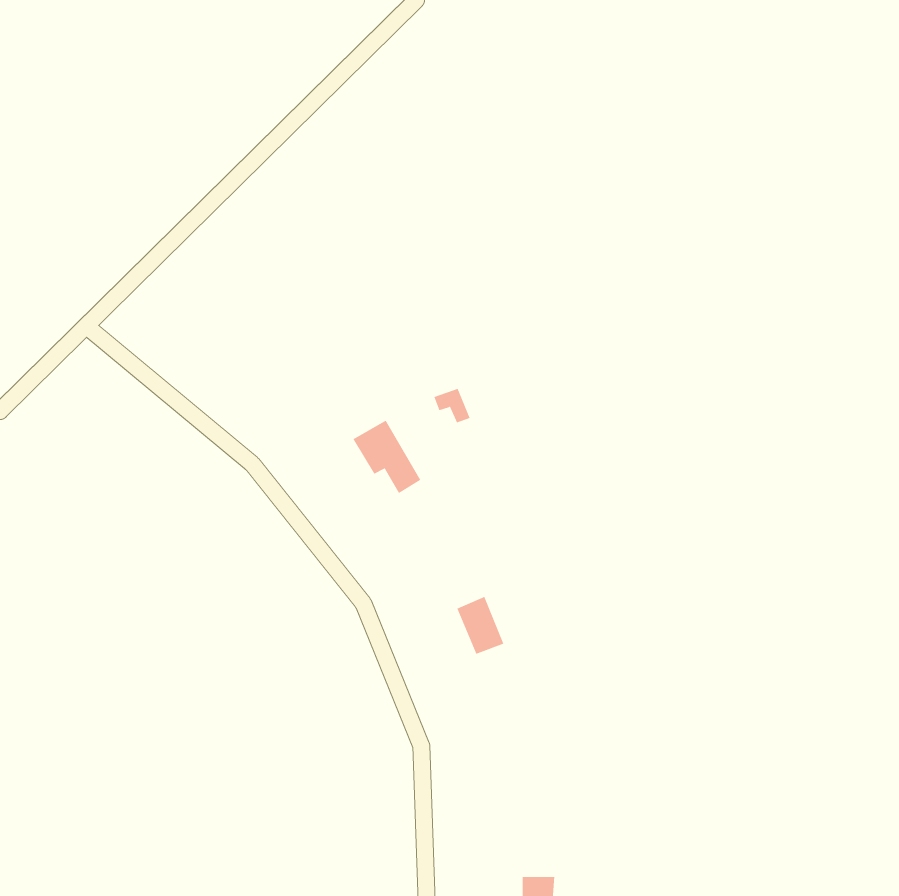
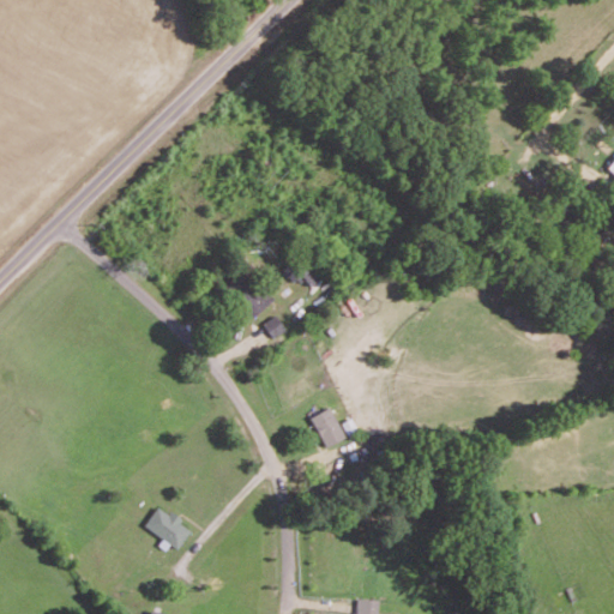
building: none -> [144,507,192,550]

